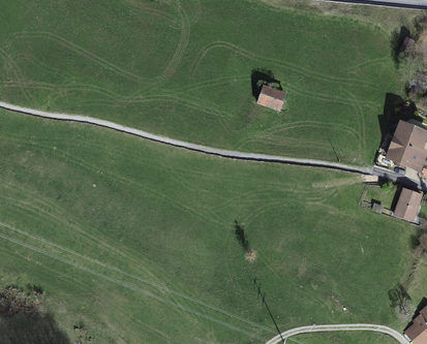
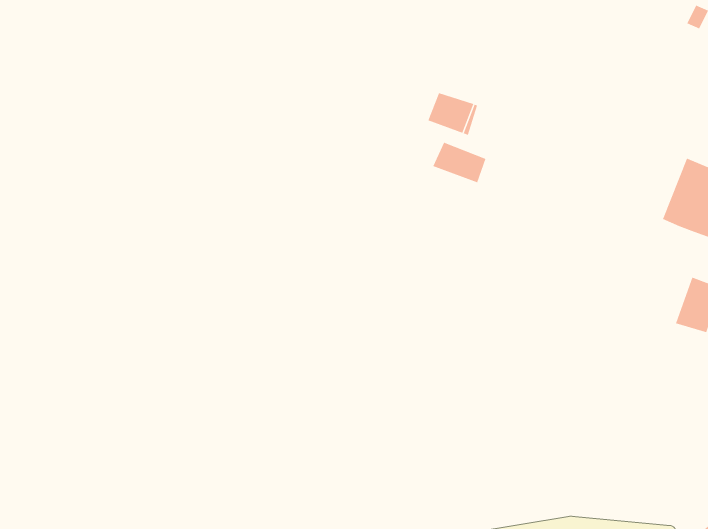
building: none -> [433,142,486,183]

